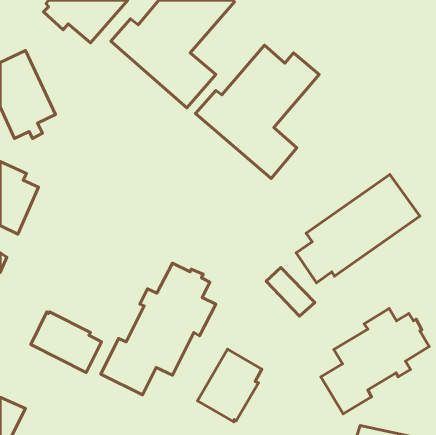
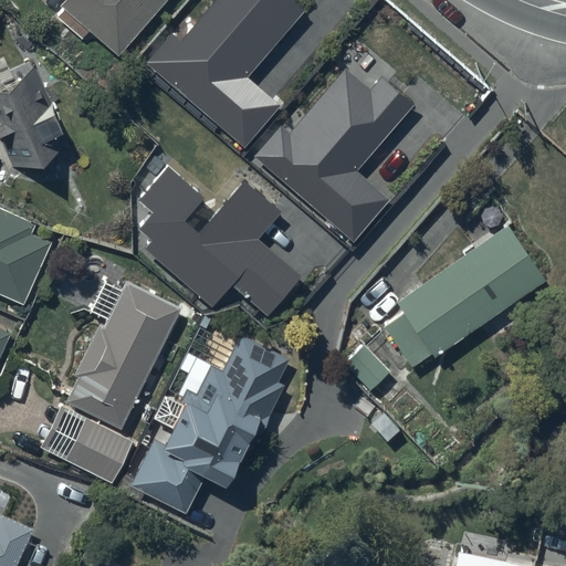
building: none -> [139,168,301,318]
building: none -> [64,283,178,432]
building: [321,309,429,414] -> none
building: [198,349,262,422] -> none

